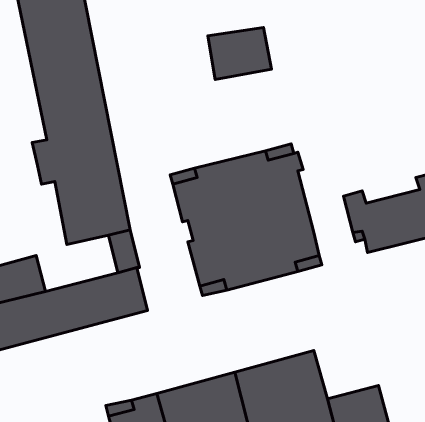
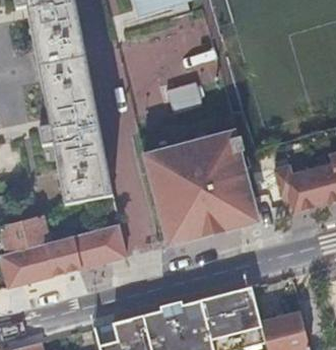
building: [208,28,272,79] -> none

